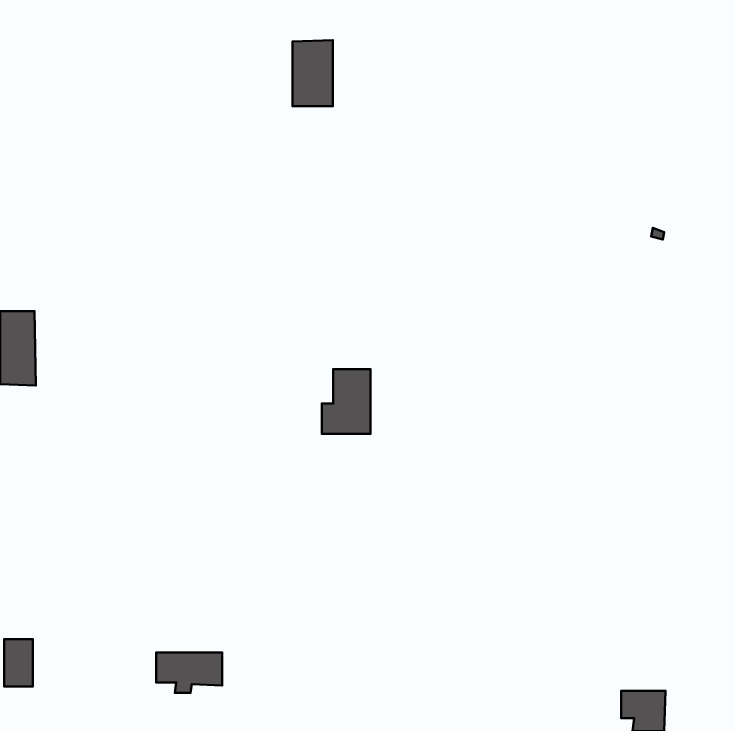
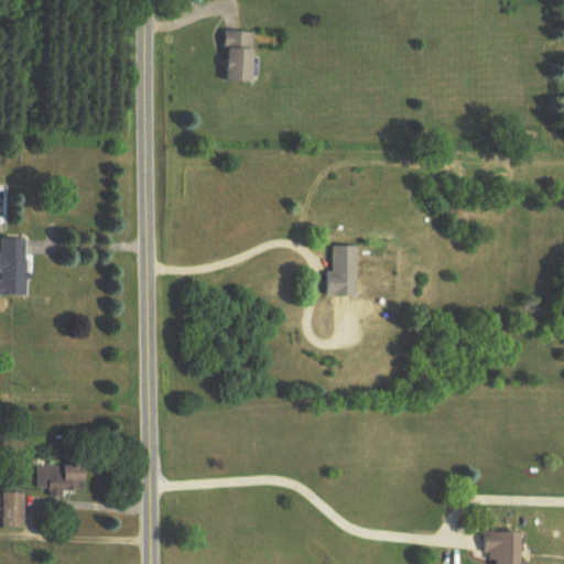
building: [322,369,371,434] -> [317,246,355,295]
building: [156,653,222,693] -> [37,465,88,496]

